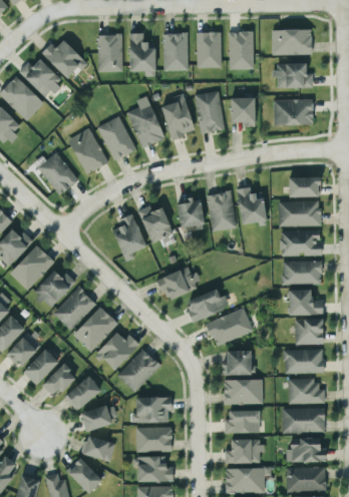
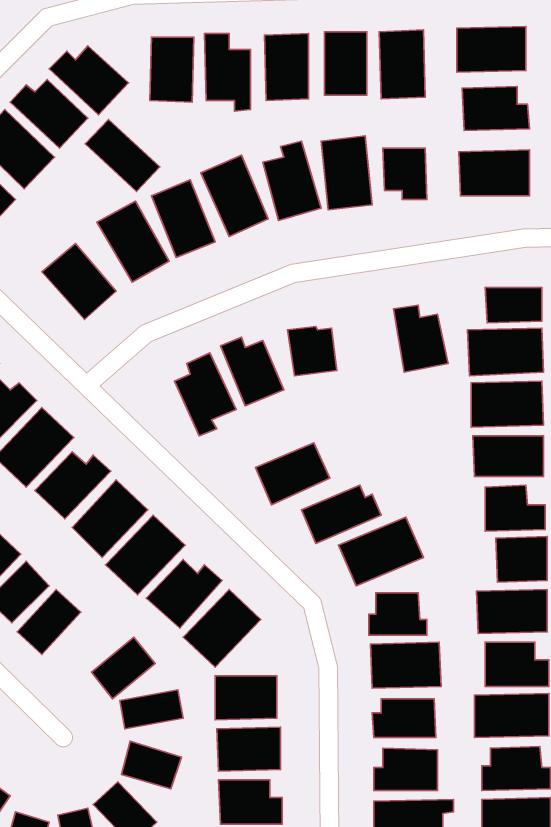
building: none -> [85,119,160,191]
building: [206,191,236,231] -> none
building: [41,364,75,398] -> none

